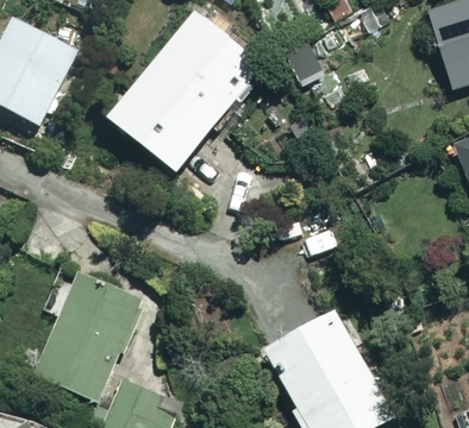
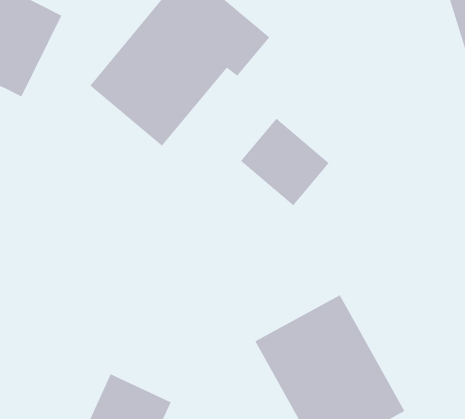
building: none -> [240,118,330,206]
building: [35,275,143,402] -> none

